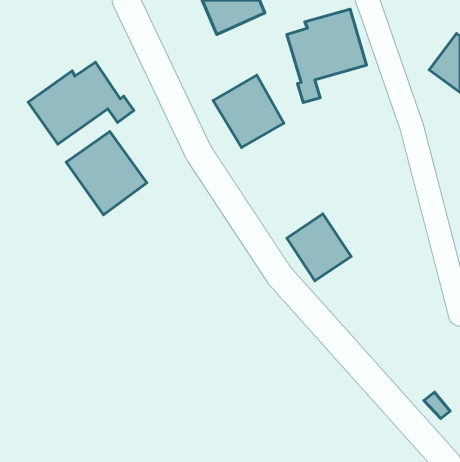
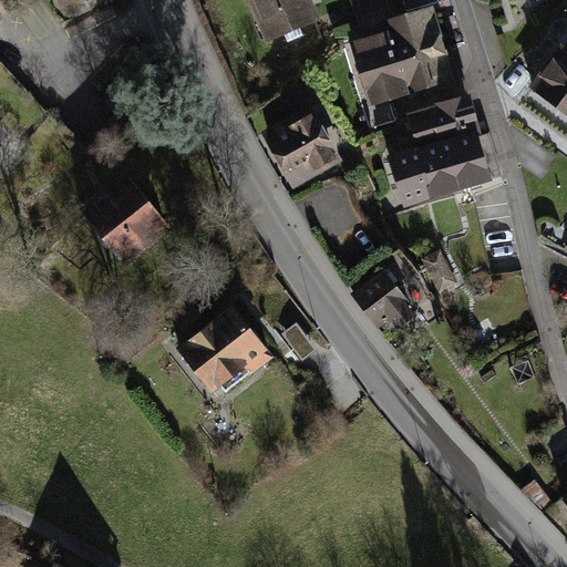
building: [28,62,134,144] -> none
building: none -> [391,100,497,205]
building: none -> [179,302,276,396]

